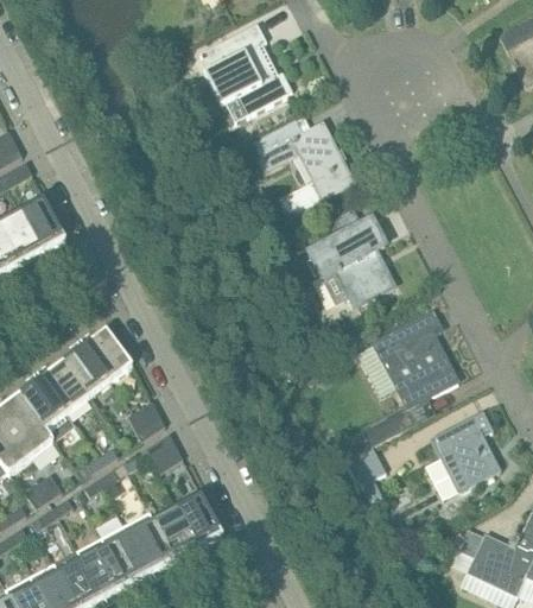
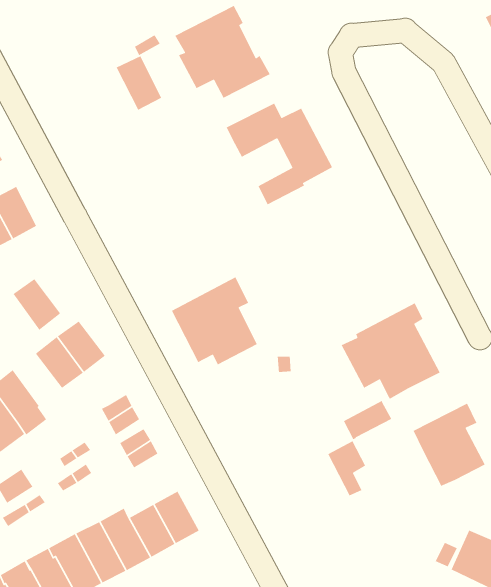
building: none -> [116,55,162,111]
building: [309,218,393,305] -> [171,276,258,365]
building: [42,362,89,413] -> [12,278,61,331]

